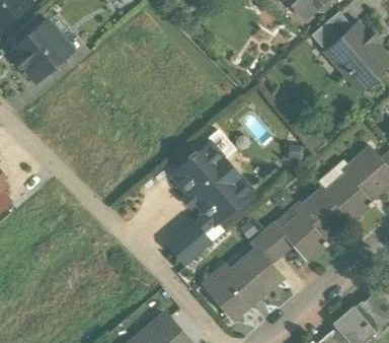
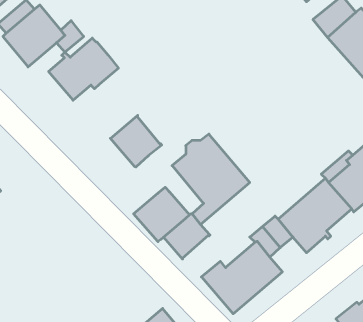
building: none -> [49,38,118,100]
building: none -> [110,115,162,167]
building: none -> [134,187,189,242]

